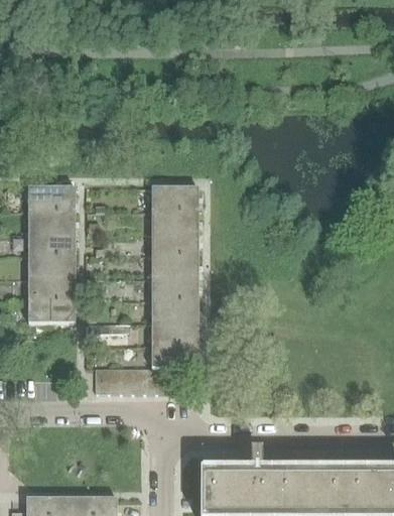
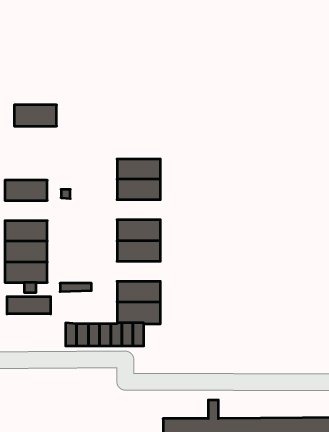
building: [29,187,76,211] -> [14,105,57,126]
building: [152,232,200,254] -> none
building: [29,233,76,255] -> none
building: [152,299,200,321] -> none
building: none -> [7,297,51,314]

